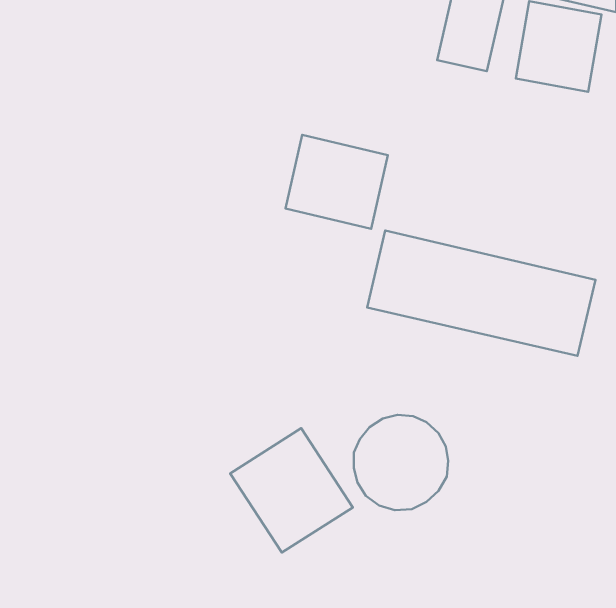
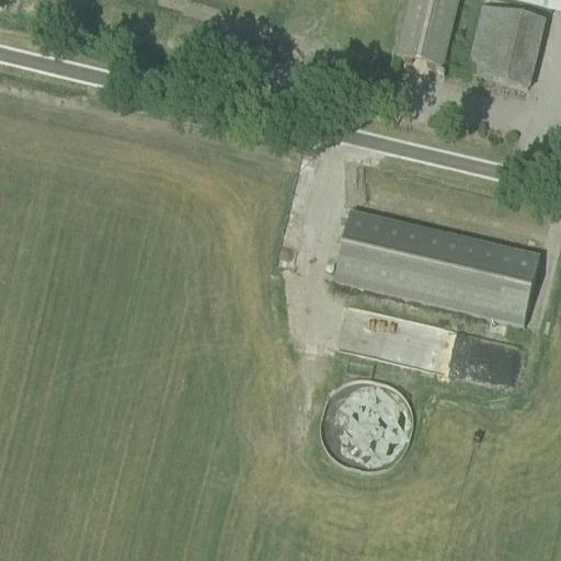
building: [286,135,388,229] -> none
building: [230,428,353,553] -> none

